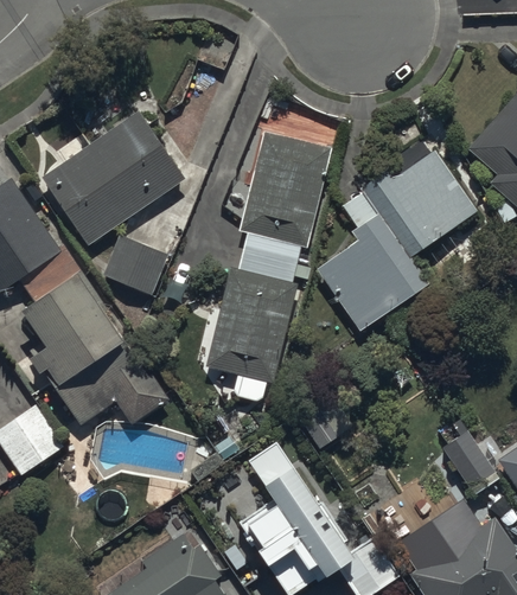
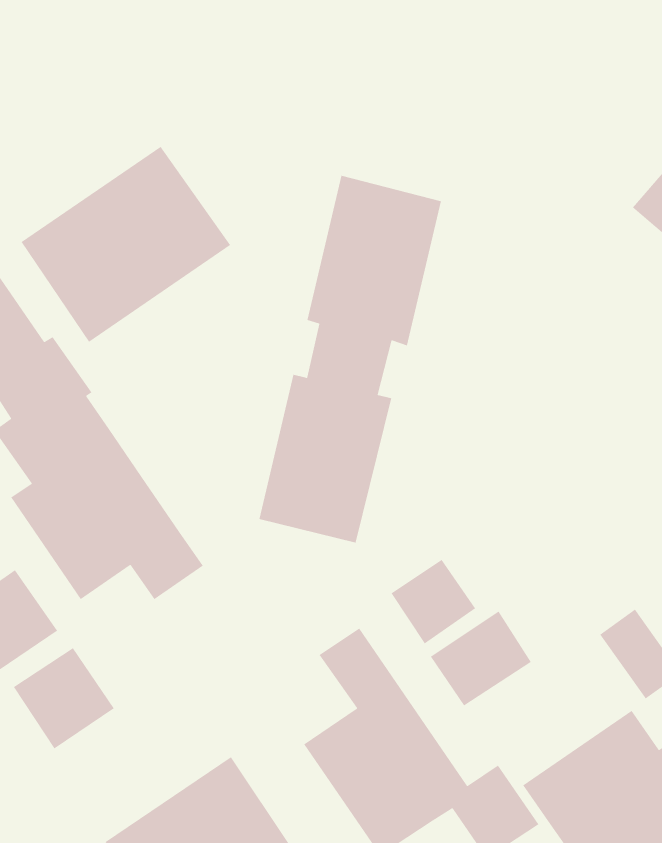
building: [317,147,477,332] -> none
building: [104,235,170,295] -> none
building: none -> [430,610,532,707]
building: none -> [13,647,115,750]

